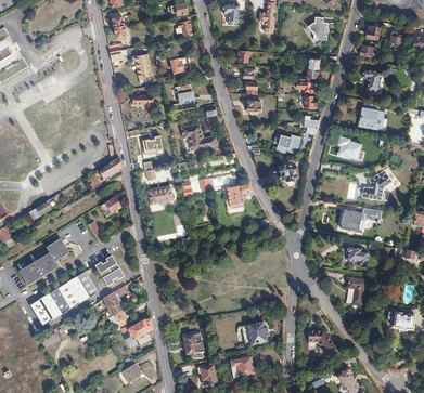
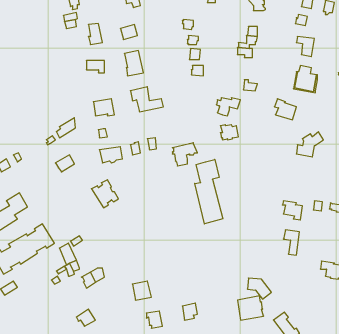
building: none -> [195,159,223,224]
building: [339,207,380,231] -> none
building: [95,254,125,285] -> [91,180,118,208]
building: [243,319,271,345] -> [238,296,264,320]

